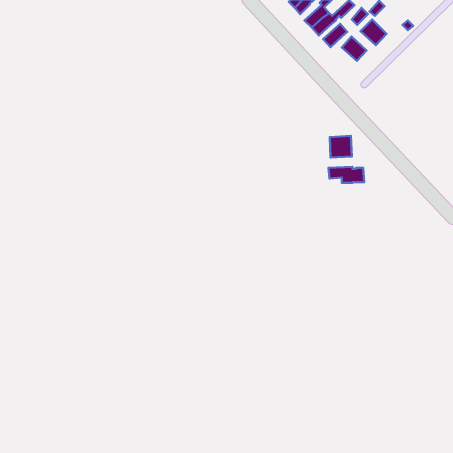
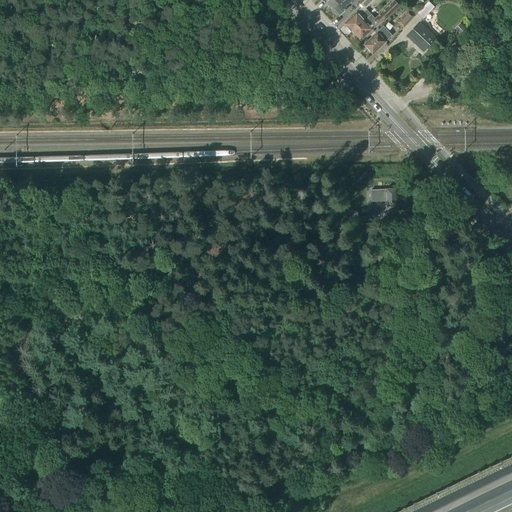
building: [342,36,367,61] -> none
building: [330,136,352,157] -> none

